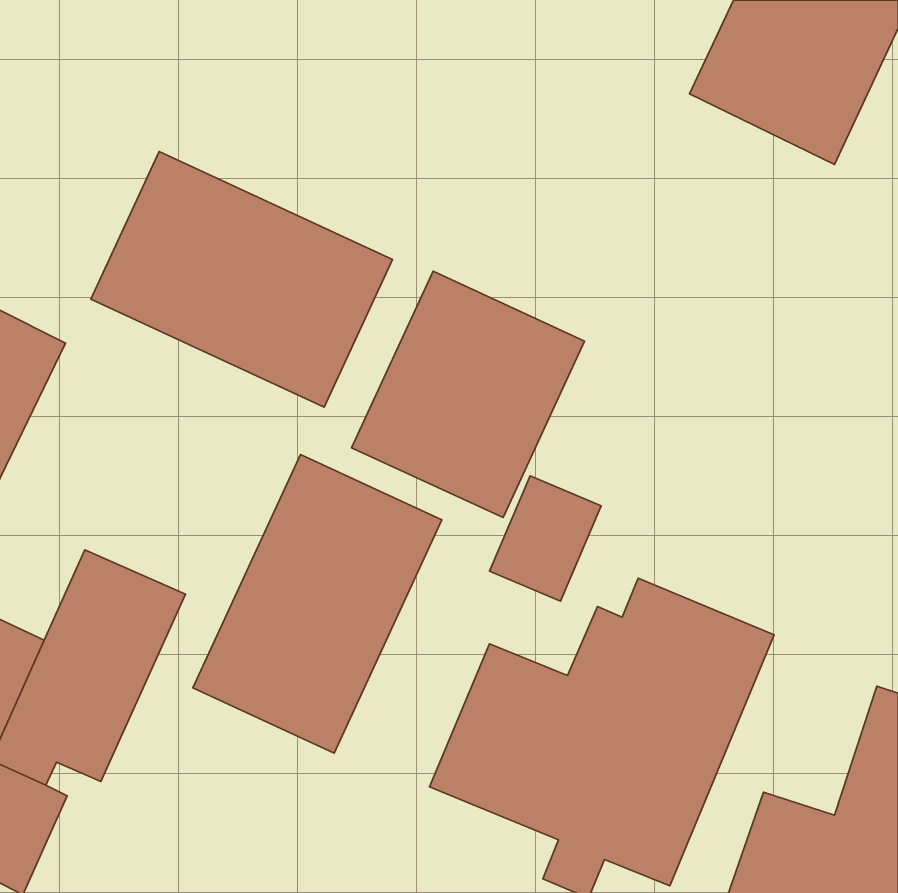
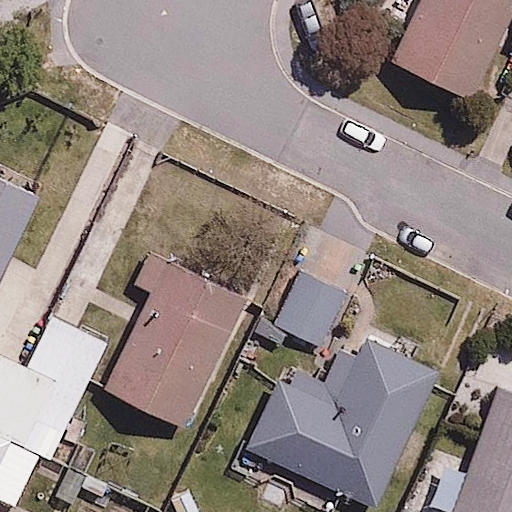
building: [91,151,392,407] -> none
building: [352,271,585,518] -> none

